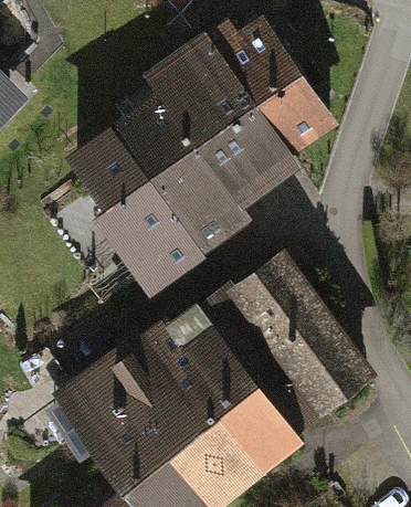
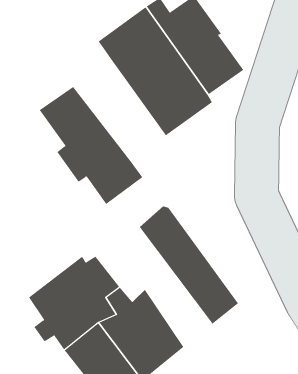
building: [120,107,234,233] -> none
building: [239,263,366,409] -> none
building: [148,315,292,463] -> none

